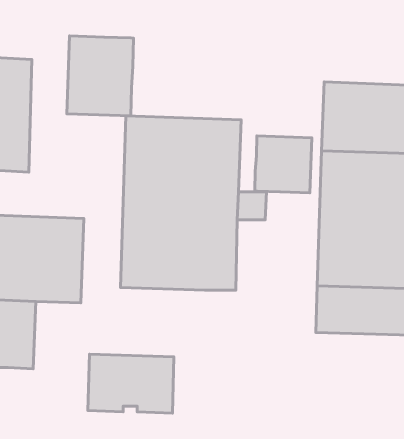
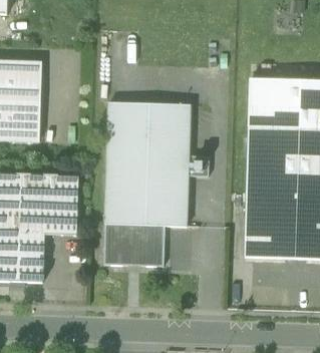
building: [67,36,134,116] -> none
building: [255,136,312,193] -> none
building: [88,354,174,413] -> [103,224,165,266]

